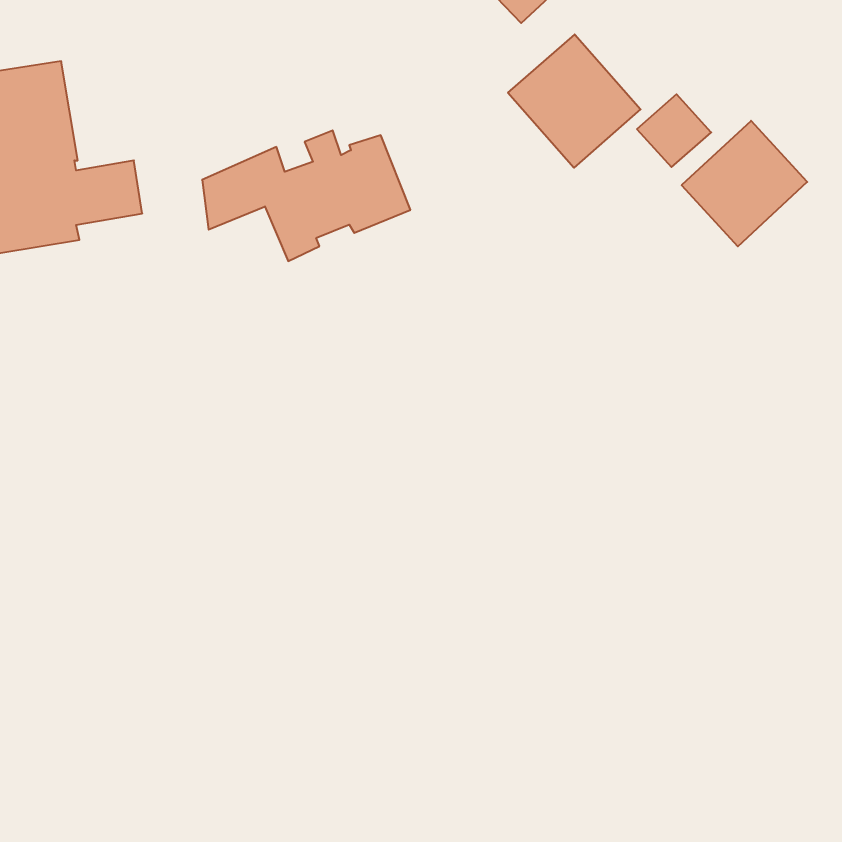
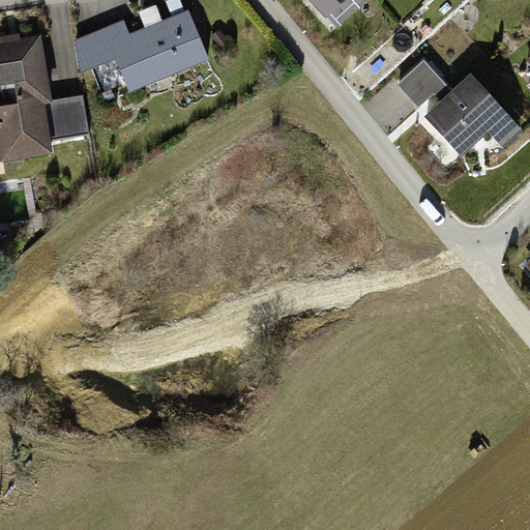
building: [508,34,641,168] -> none
building: [202,130,410,261] -> [77,9,207,91]

